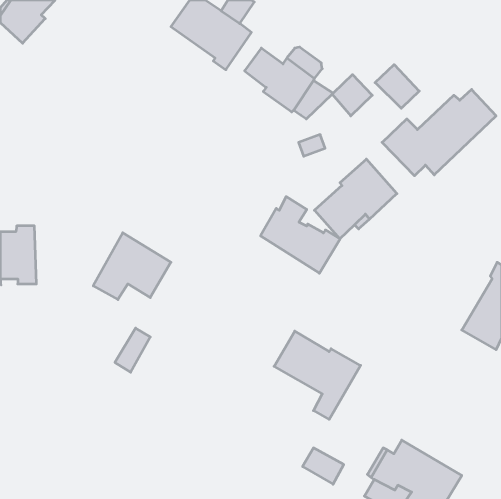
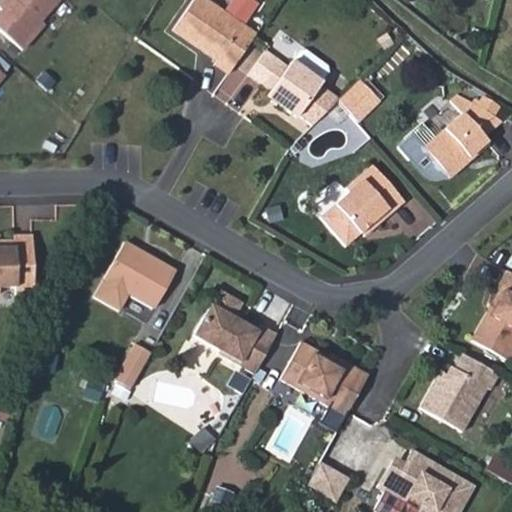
building: [375,65,419,108] -> none
building: [261,197,340,273] -> [195,291,276,369]
building: none -> [418,352,496,430]

